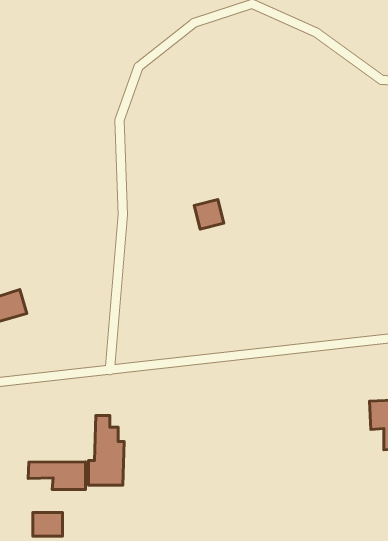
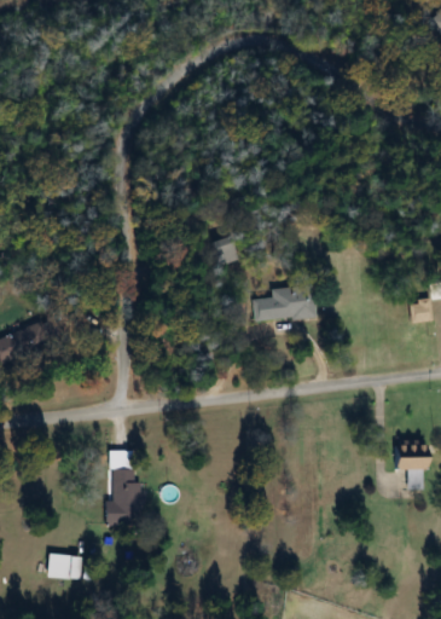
building: none -> [251,288,315,322]
building: [28,462,85,490] -> none

